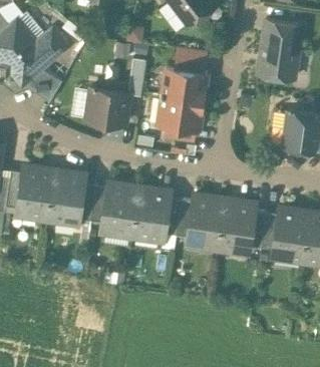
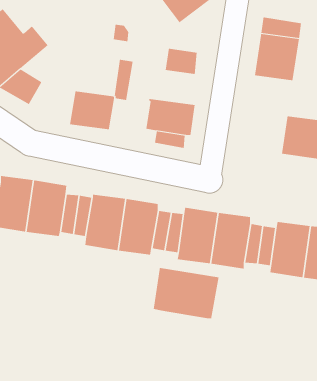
building: [159,68,207,101] -> none
building: none -> [153,267,219,319]

